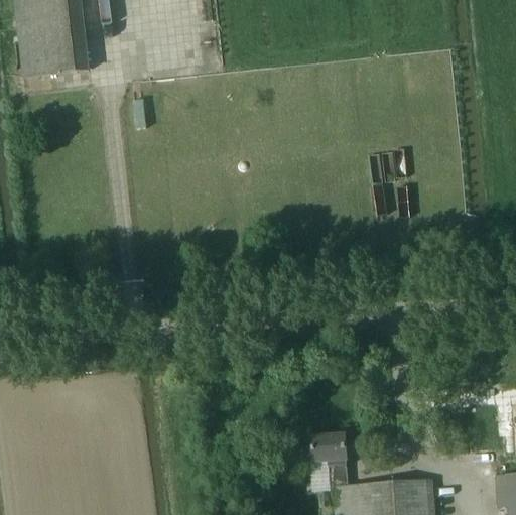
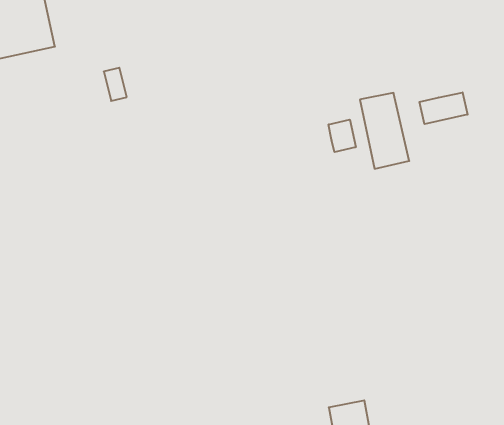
building: none -> [419,92,468,124]
building: none -> [329,120,356,152]

